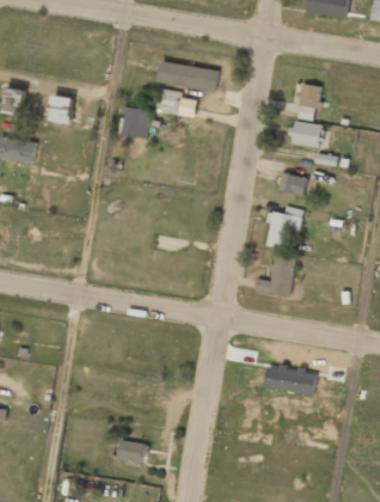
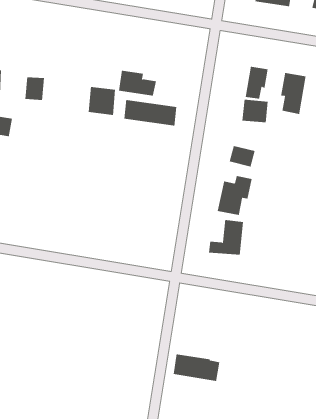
building: [158,61,217,91] -> [123,99,177,126]
building: none -> [280,72,306,115]
building: [264,365,317,396] -> [173,354,220,382]
building: [117,441,147,463] -> none

